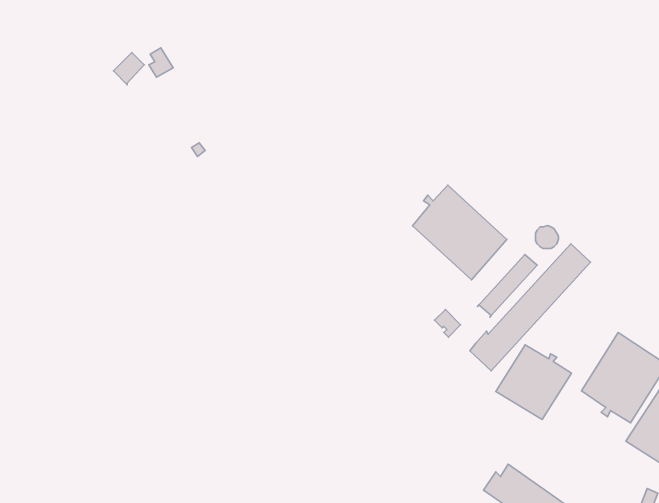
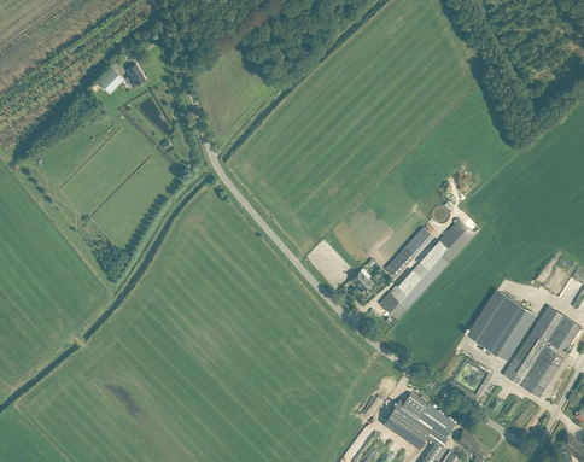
building: [412,185,507,280] -> none
building: [496,345,571,420] -> none

